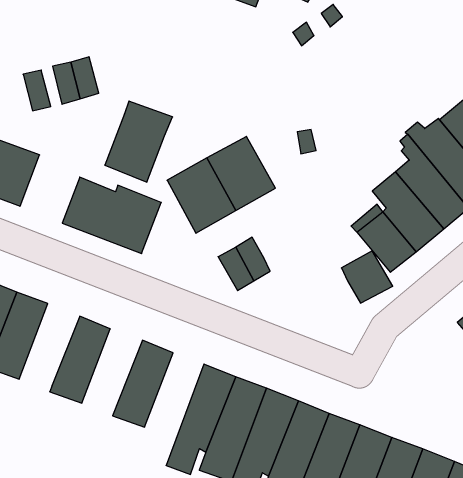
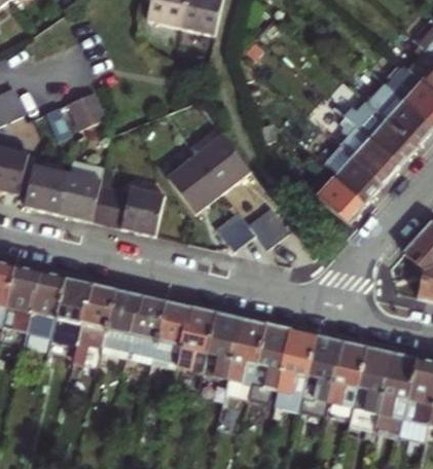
building: [105,101,173,182] -> [59,161,105,221]
building: [341,251,393,303] -> [250,209,291,250]
building: none -> [73,284,116,363]
building: none -> [128,296,167,362]
building: none -> [178,308,216,394]

